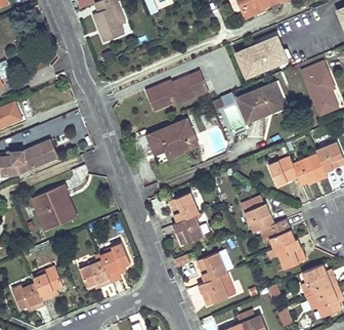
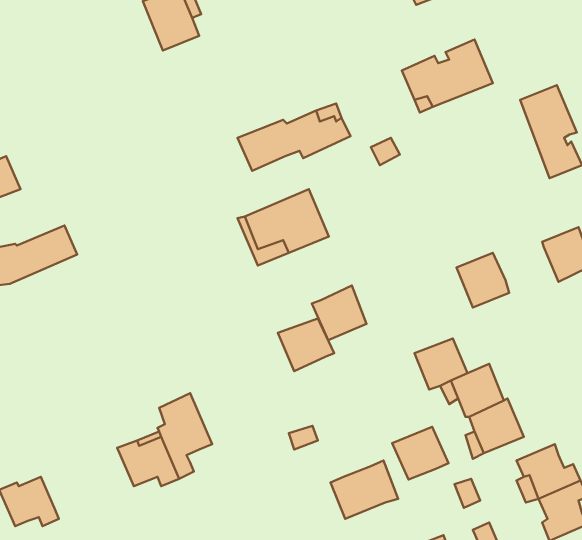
building: [240,86,284,123] -> none
building: [296,153,328,185] -> none
building: [31,184,77,231] -> none
building: [172,214,203,245] -> [312,285,366,340]
building: [196,252,227,282] -> [392,427,449,480]
building: [34,265,63,300] -> none

